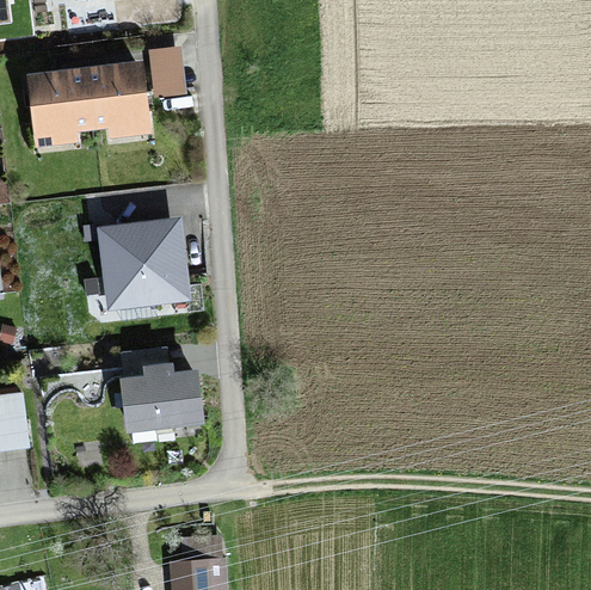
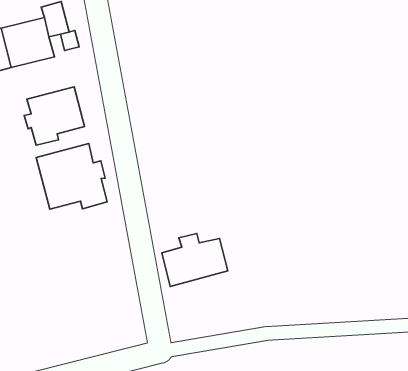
building: none -> [24,87,85,145]
building: [122,364,198,424] -> [162,233,228,286]

